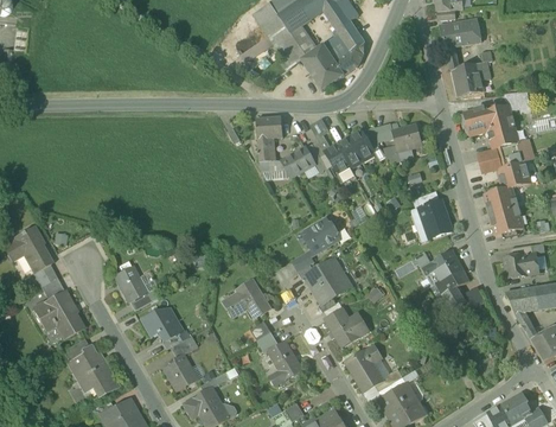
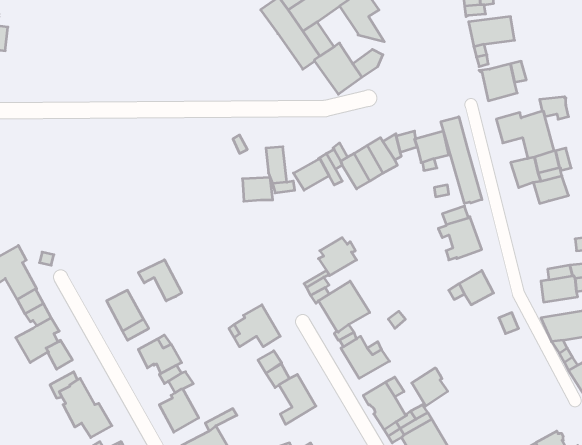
building: [325,34,364,62] -> none
building: none -> [441,117,482,203]
building: [256,116,283,138] -> [242,178,273,201]
building: [485,185,523,234] -> none
building: none -> [138,260,182,301]
building: [436,268,469,308] -> none
building: none -> [412,368,448,406]

